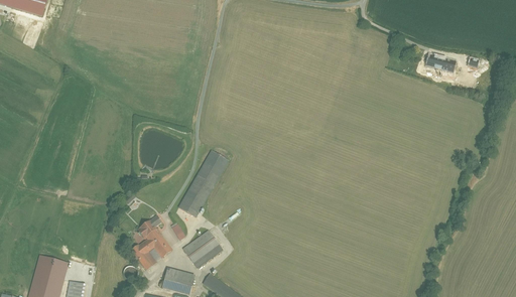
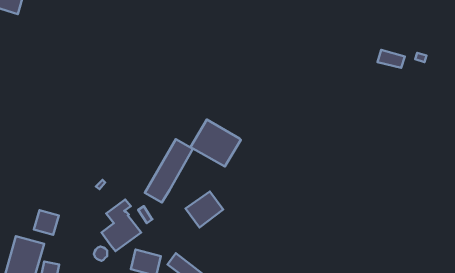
building: none -> [190,119,241,167]
building: none -> [34,210,59,235]
building: [182,230,223,268] -> [185,192,223,227]

